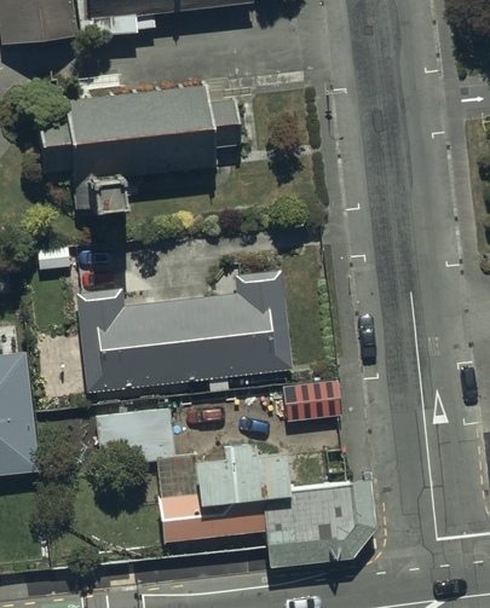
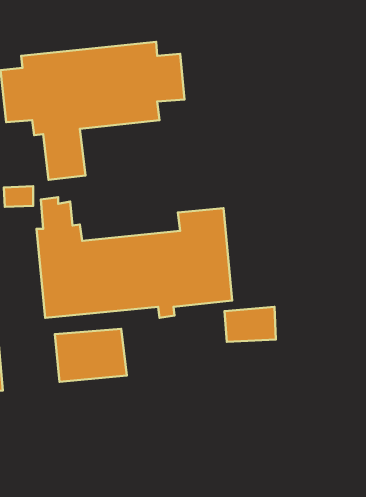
building: [154,450,357,545] -> none

